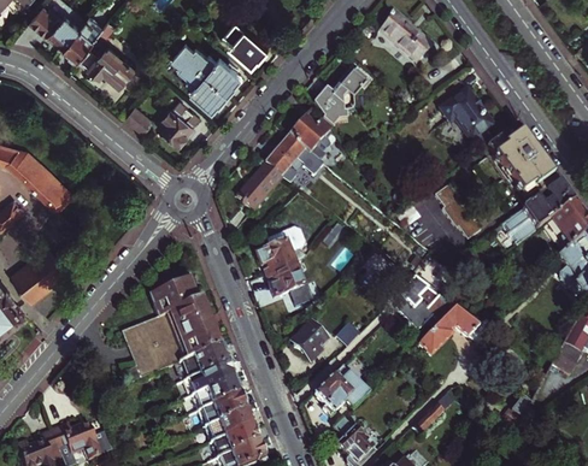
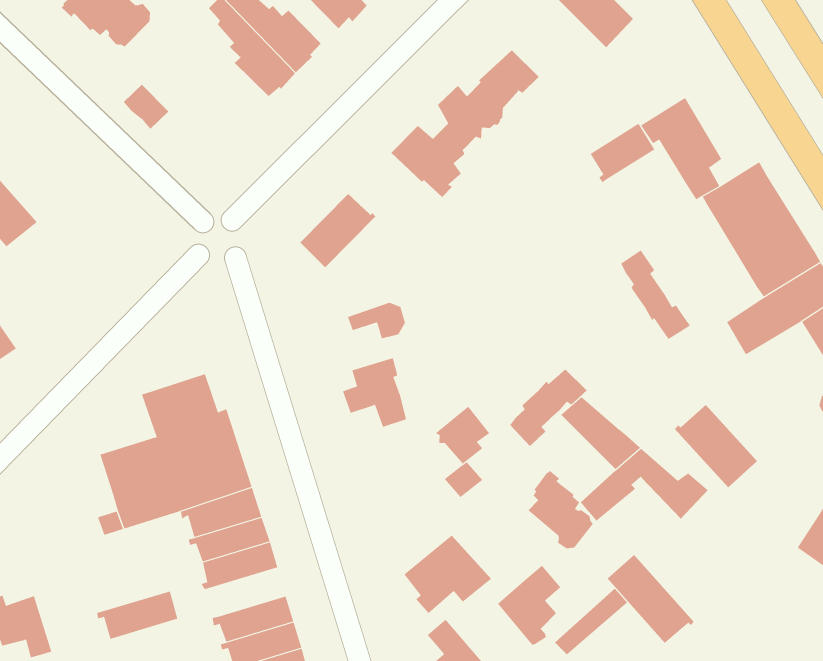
building: [158,99,199,141] -> none
building: none -> [590,123,655,183]
building: [261,135,323,181] -> none
building: [257,240,299,270] -> none
building: none -> [509,368,588,447]
building: none -> [674,404,758,488]
building: none -> [528,470,593,550]
building: [290,323,324,359] -> [435,406,490,465]
building: none -> [607,554,695,644]
building: none -> [497,565,561,646]
building: [193,394,243,426] -> [96,591,178,639]

